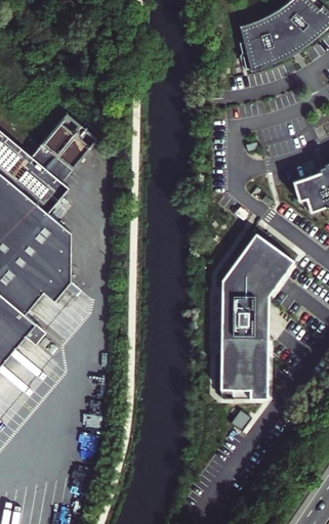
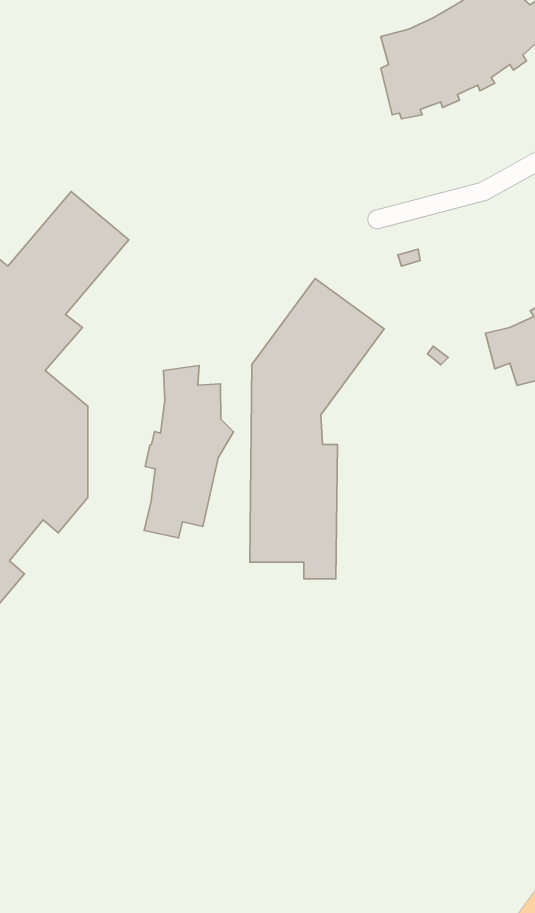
building: none -> [144,366,233,538]
building: [219,232,293,397] -> [250,279,384,579]

